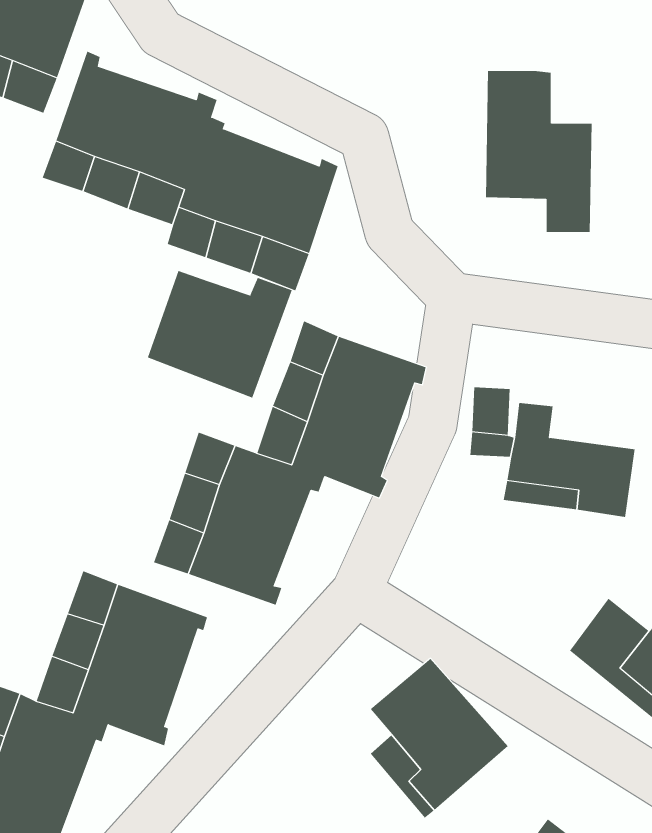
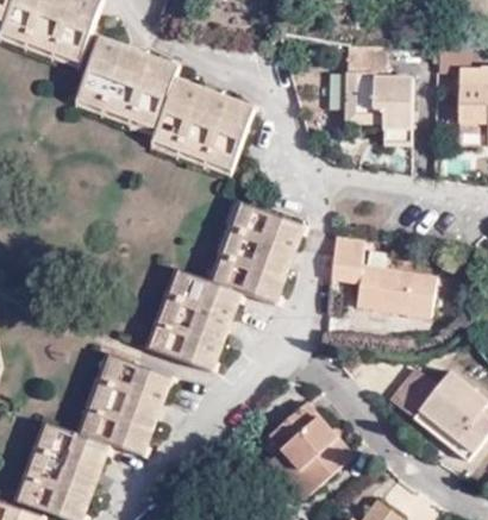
building: [147,270,293,398] -> none

